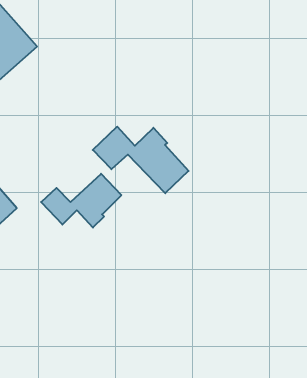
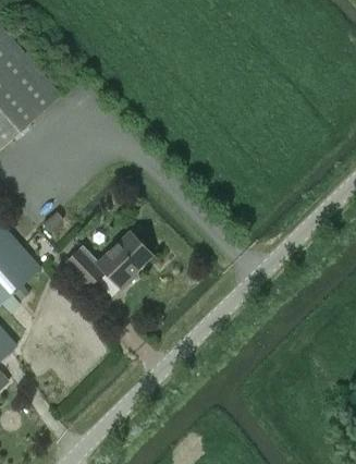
building: [93,127,189,193] -> none

